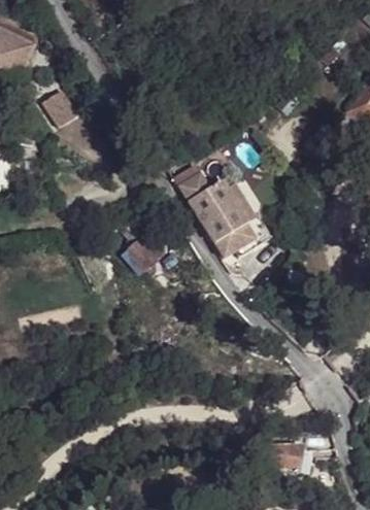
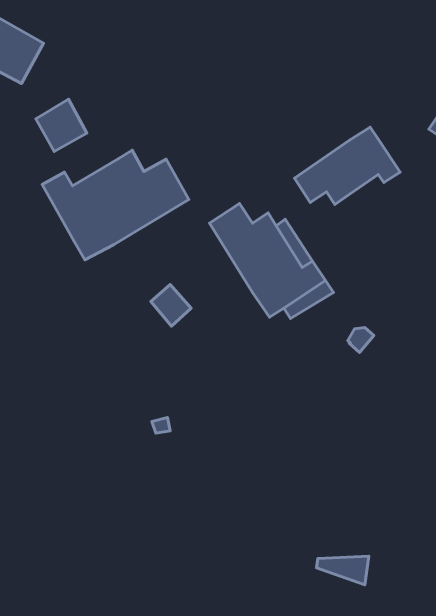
building: none -> [294,127,400,205]
building: none -> [42,150,189,260]

